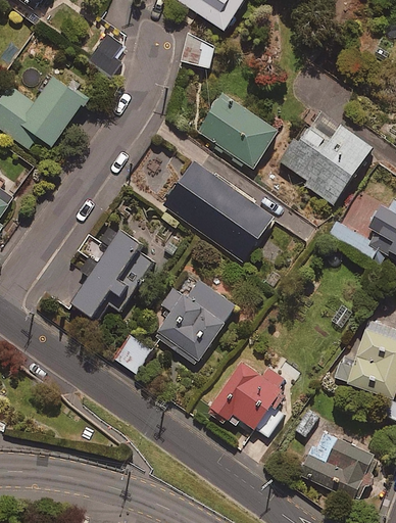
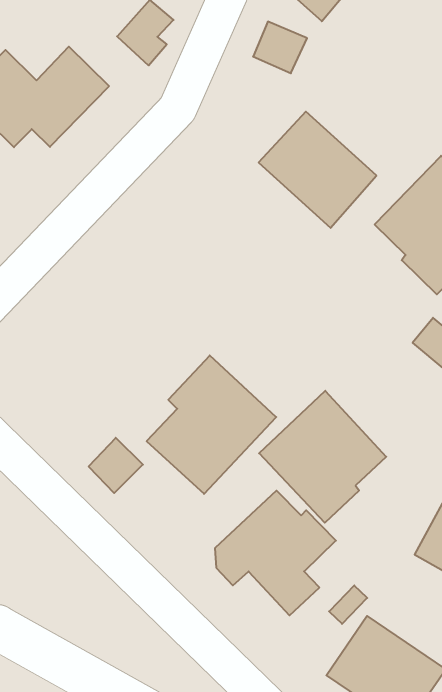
building: [161,159,274,260] -> none
building: [73,226,143,322] -> none
building: none -> [259,391,386,523]

